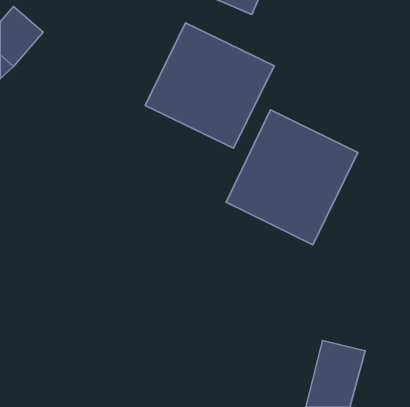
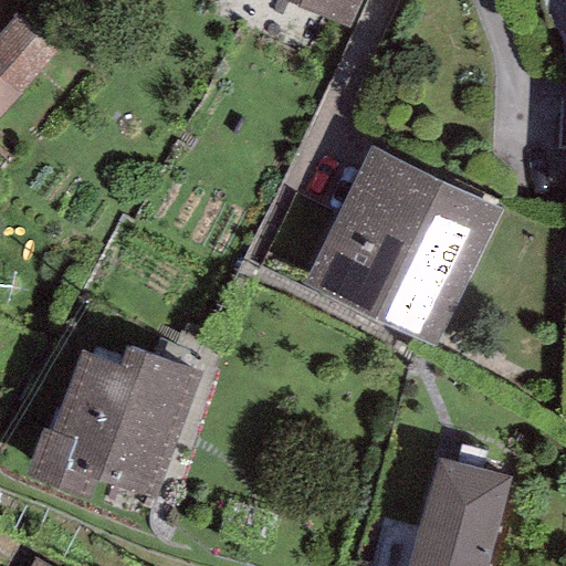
building: [145,23,274,148] -> none
building: none -> [30,350,193,493]

